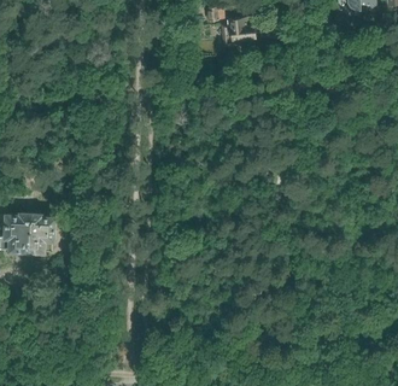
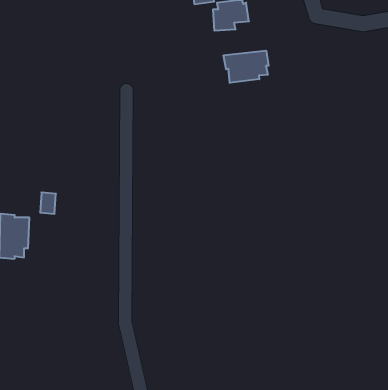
building: none -> [224,51,269,83]

